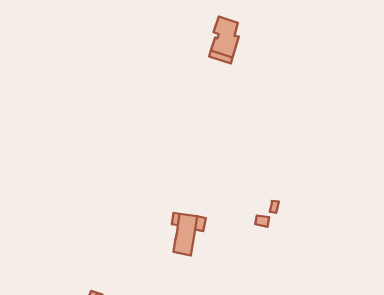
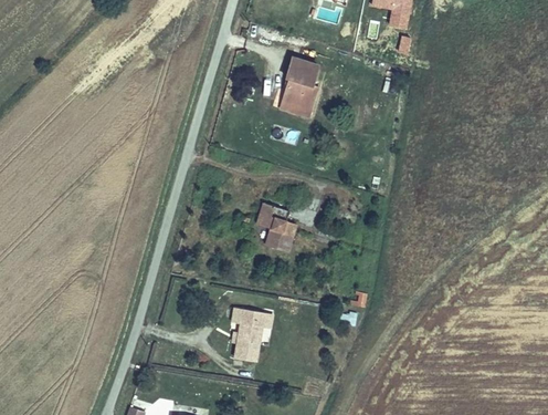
building: none -> [256,203,294,255]

